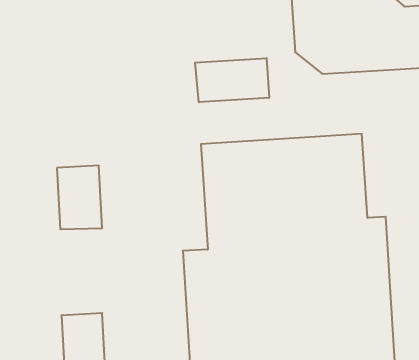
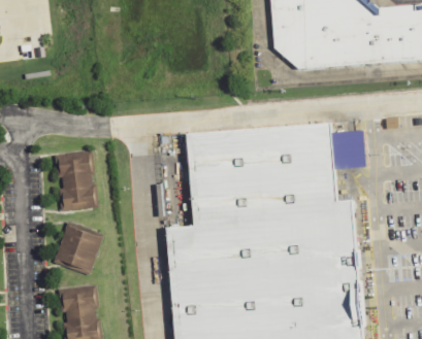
building: [195,58,269,102] -> none
building: none -> [55,223,105,273]

